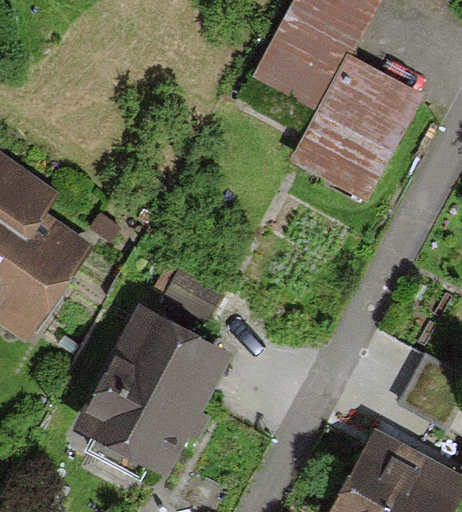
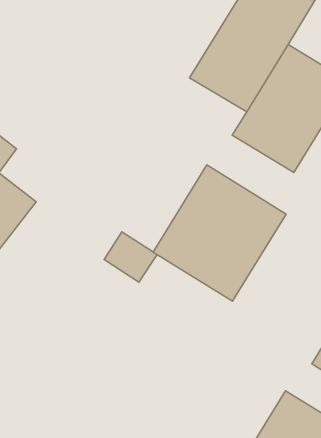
building: none -> [153,165,286,301]
building: [75,314,229,480] -> none

